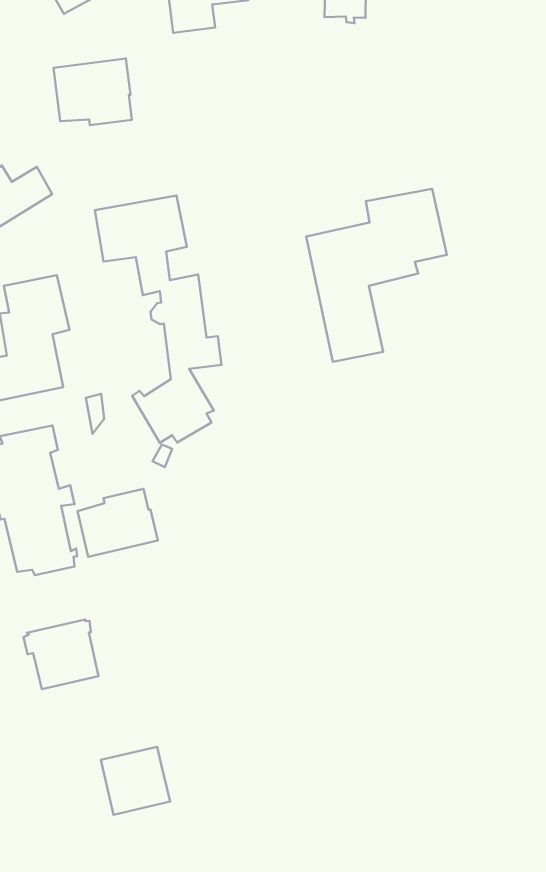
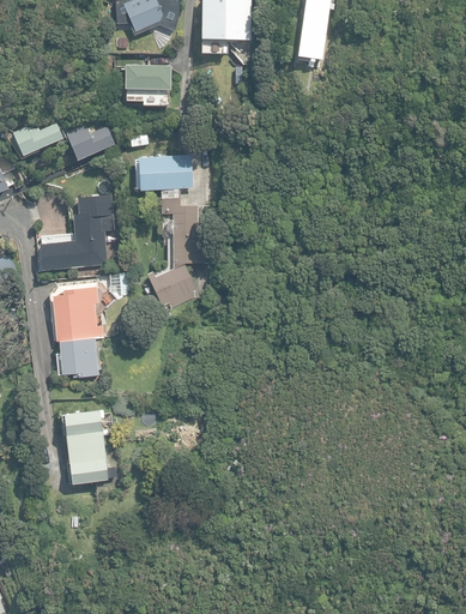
building: [306,189,447,362] -> none
building: [77,489,158,557] -> none
building: [101,747,170,815] -> [68,445,108,483]

